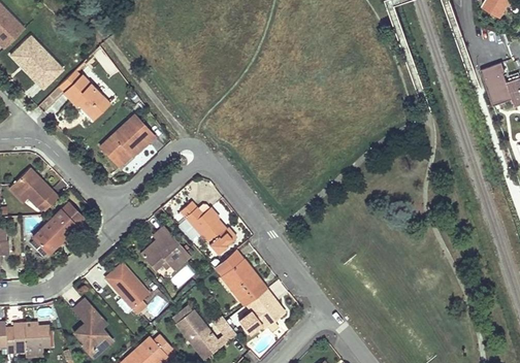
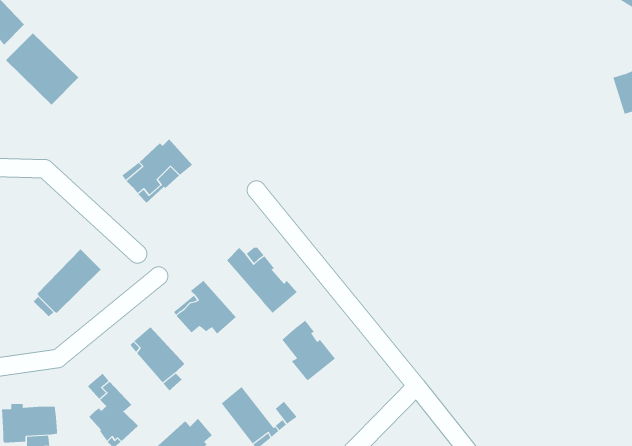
building: [59,69,108,118] -> none
building: [9,168,58,211] -> none
building: [215,249,242,290] -> none
building: [238,288,285,333] -> none

